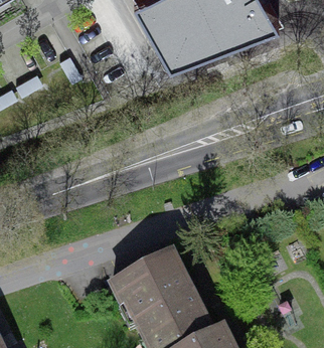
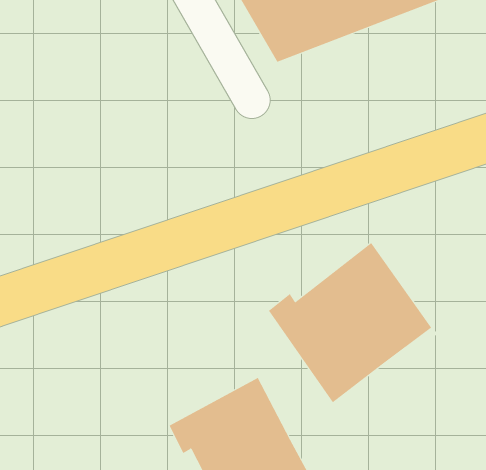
building: none -> [268,242,442,403]

